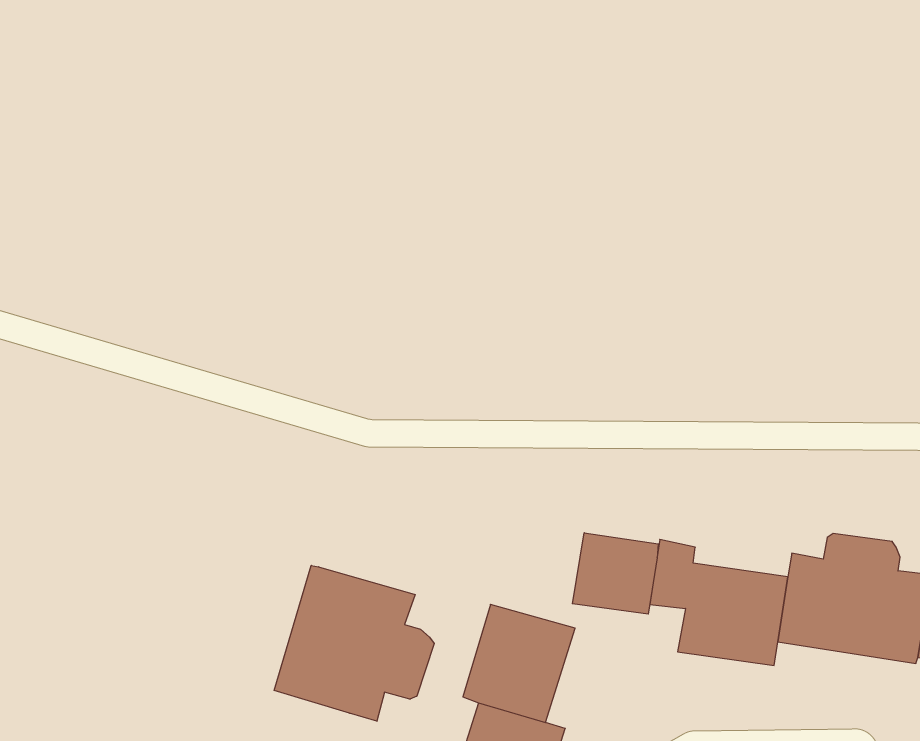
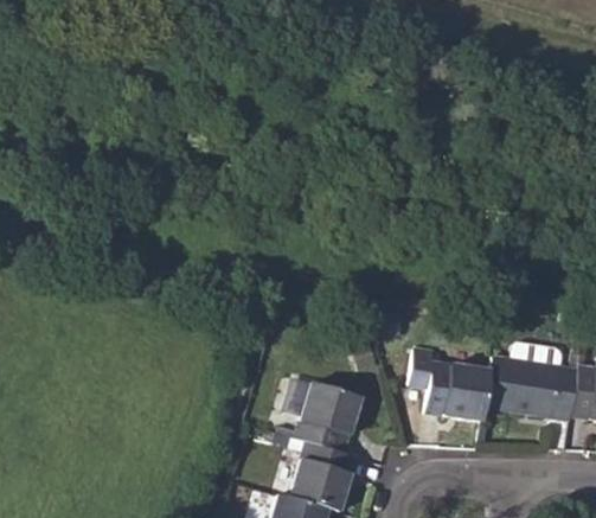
building: [572,533,658,614] -> none
building: [274,565,434,721] -> none

